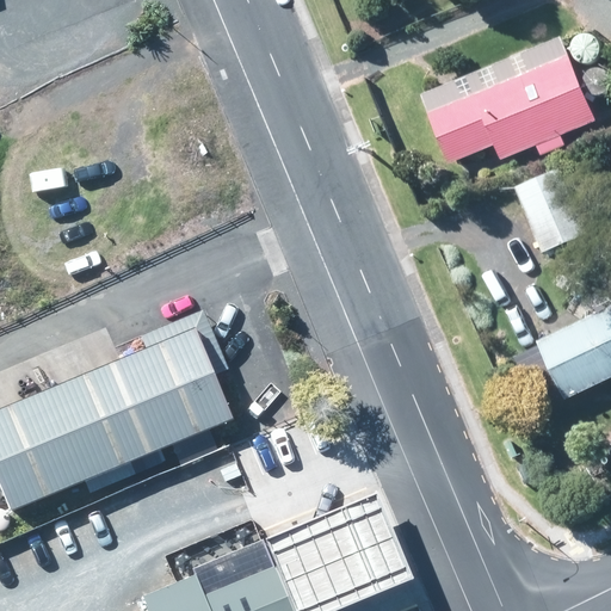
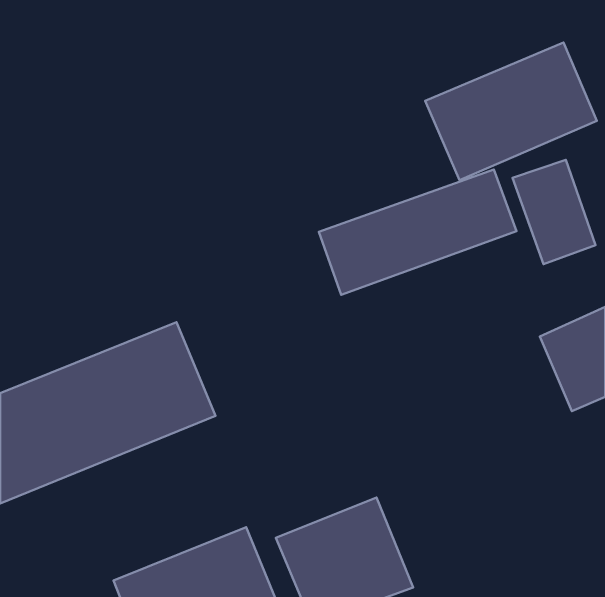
building: none -> [319,169,516,295]

